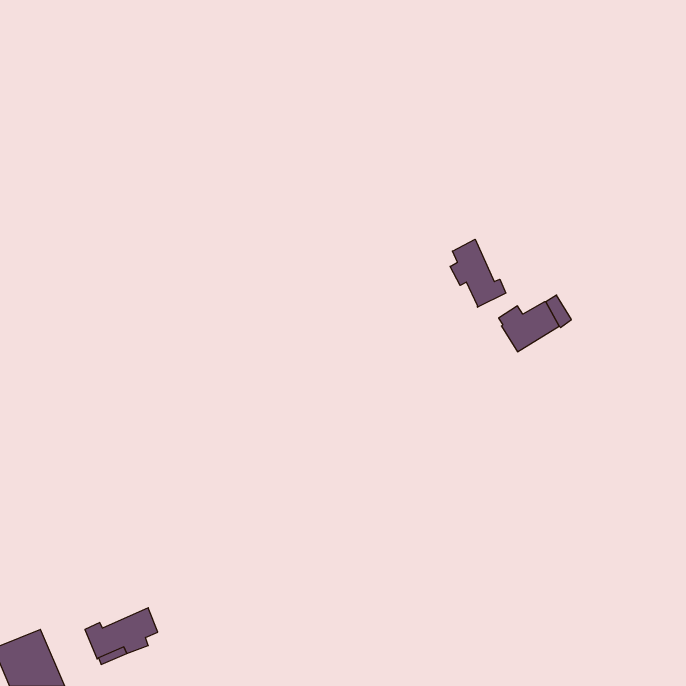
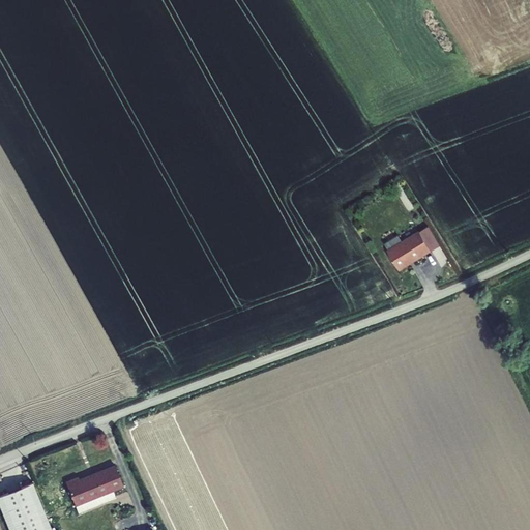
building: [450,239,506,307] -> none

